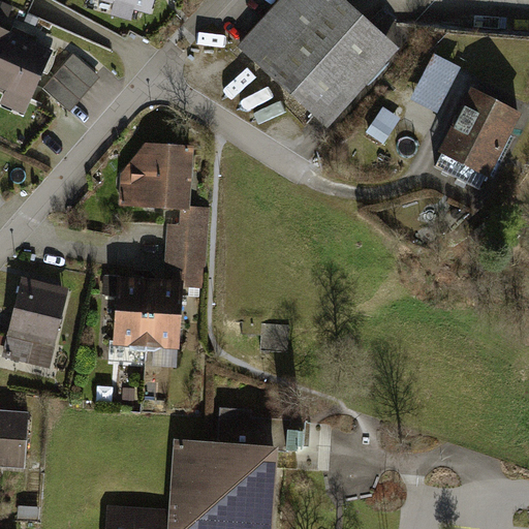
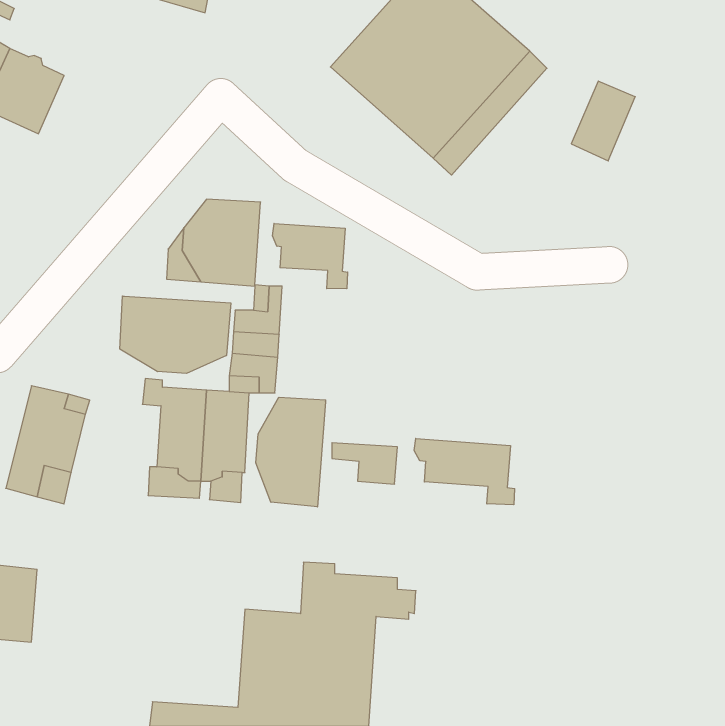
building: [41,53,95,107] -> none
building: [434,90,517,188] -> none
building: none -> [273,223,348,289]
building: none -> [120,296,231,373]
building: none -> [256,397,326,507]
building: none -> [414,438,515,505]

